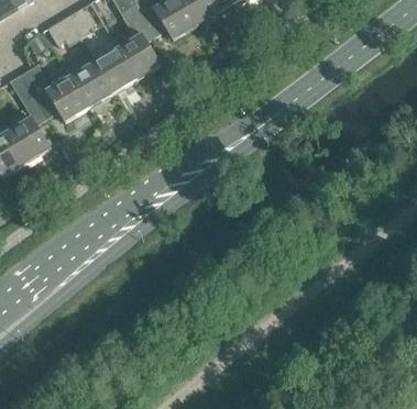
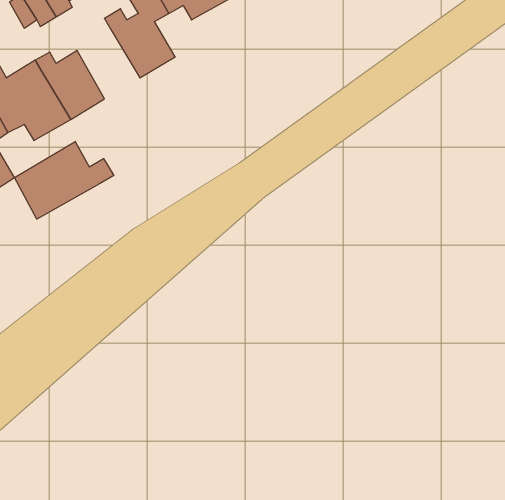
building: [94,46,136,93] -> none
building: none -> [14,141,114,219]

